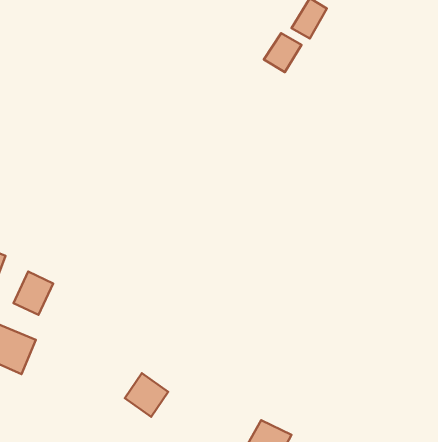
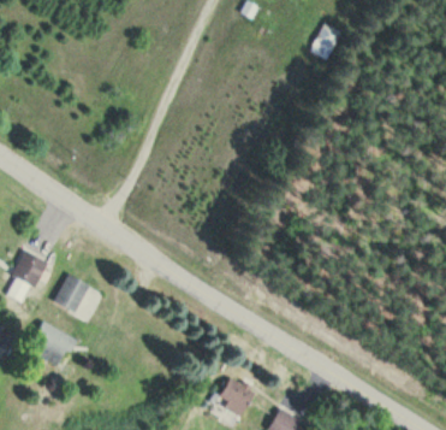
building: [264,33,301,72] -> none
building: [125,373,168,417] -> [216,377,256,417]

